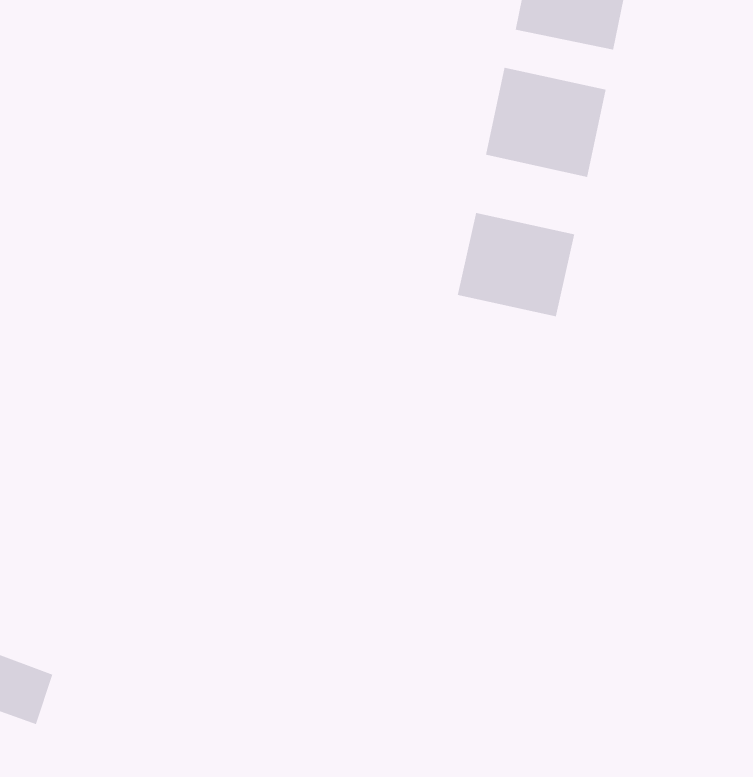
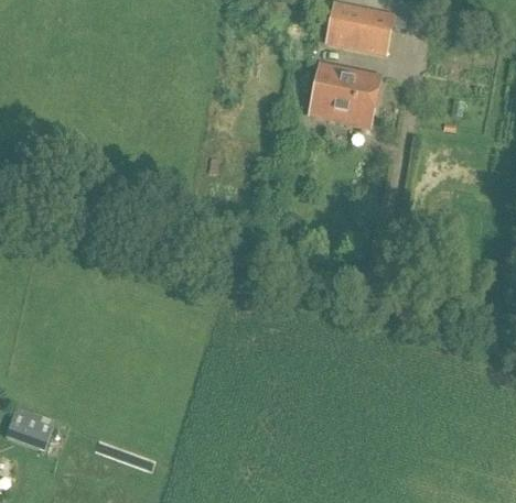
building: [457,212,575,317] -> none

